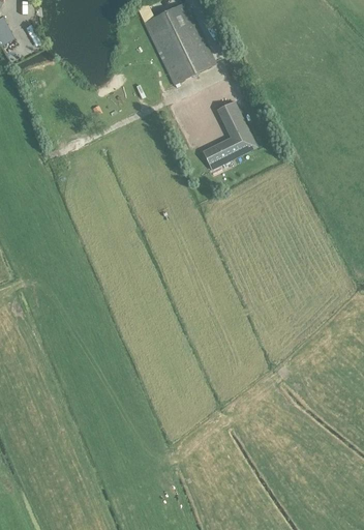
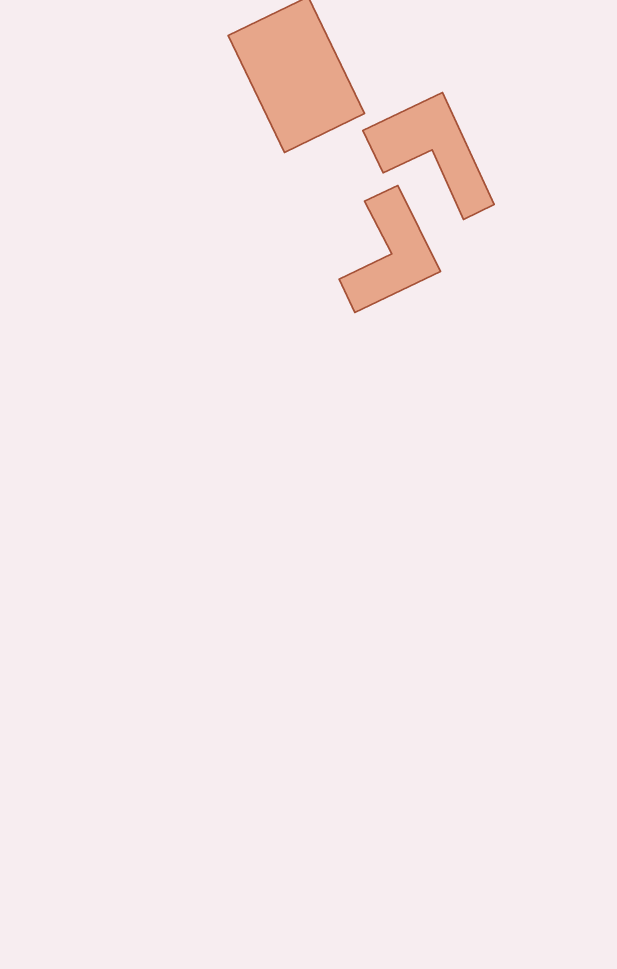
building: none -> [363,92,494,219]

